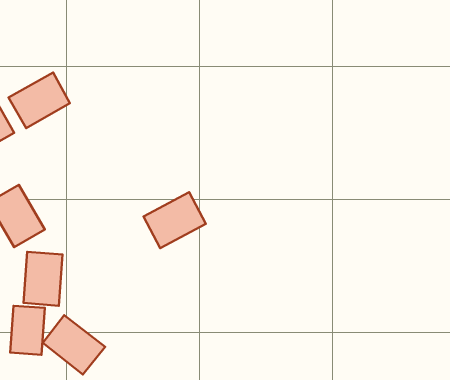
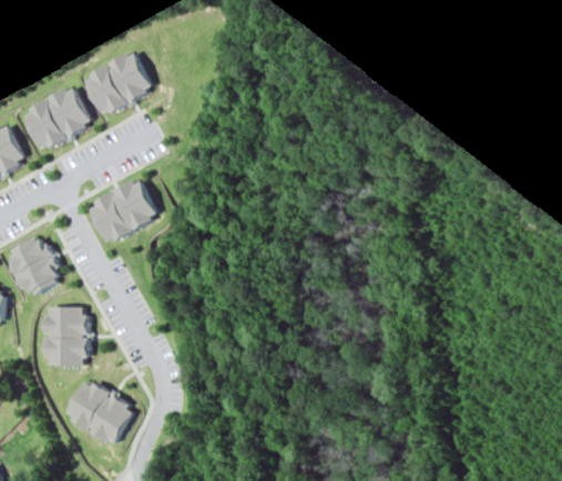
building: none -> [84,54,157,121]
building: [144,192,206,248] -> [85,172,160,238]
building: [10,306,45,355] -> none

